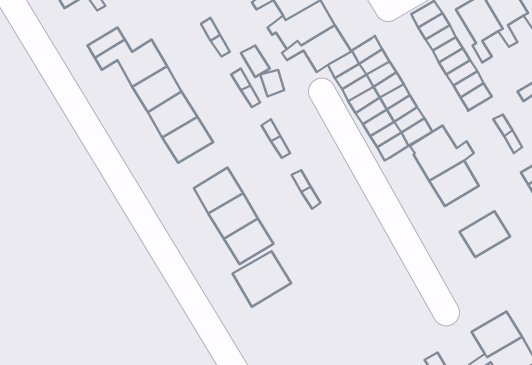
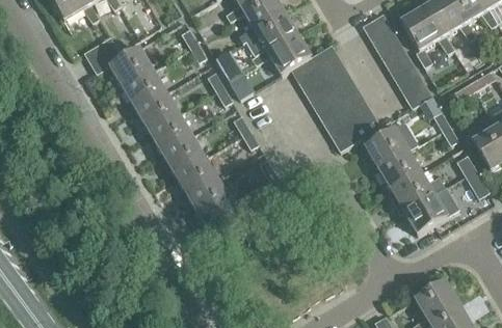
building: none -> [161,134,204,173]
building: none -> [388,171,444,211]
building: [233,251,291,307] -> none

